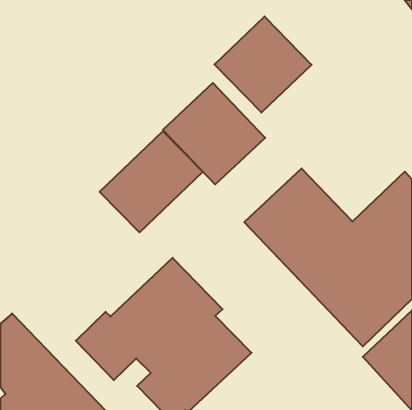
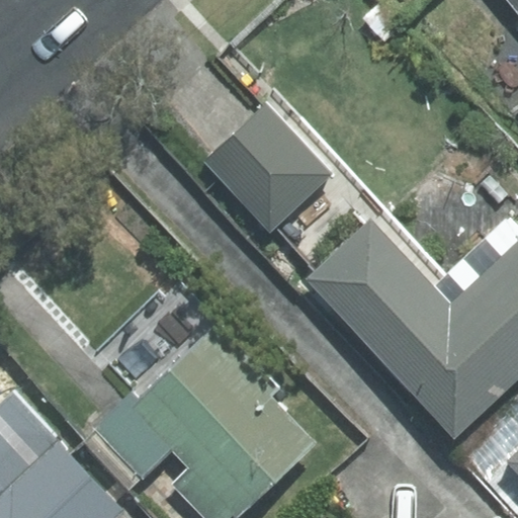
building: [214,16,312,113] -> none
building: [100,131,203,232] -> none

